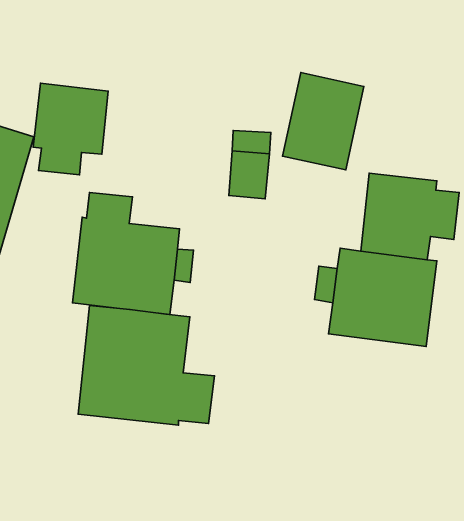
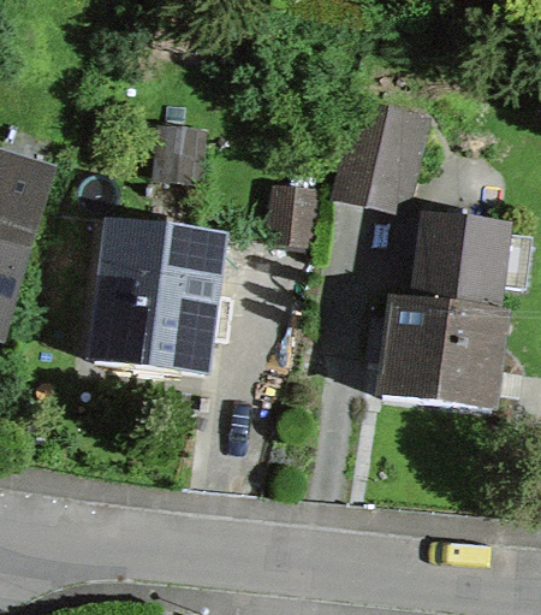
building: [33,83,108,175] -> none
building: [78,306,215,425] -> none

